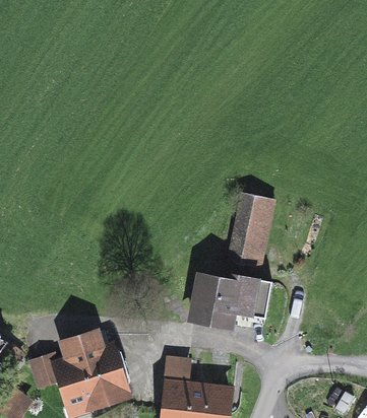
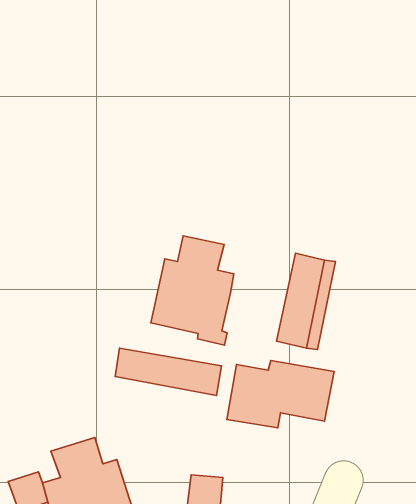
building: none -> [151,236,234,345]
building: none -> [115,348,222,395]

